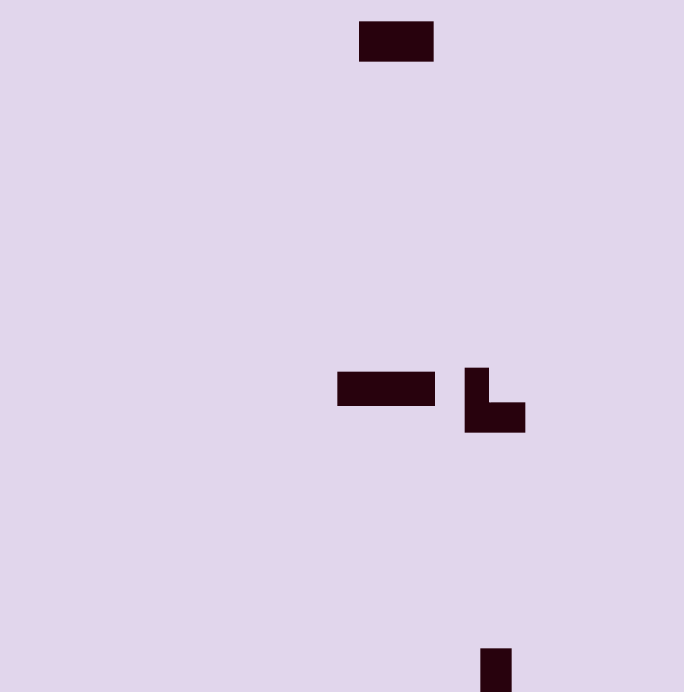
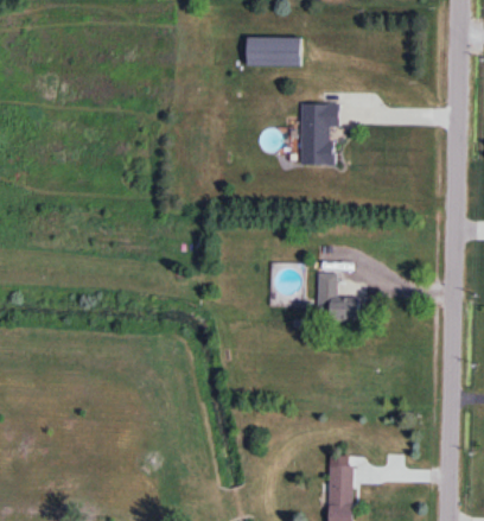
building: none -> [301,102,339,164]
building: [337,371,436,407] -> none

